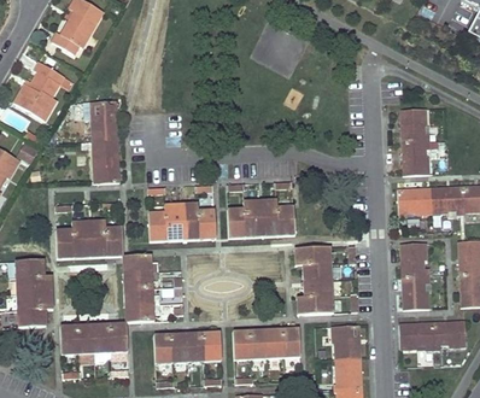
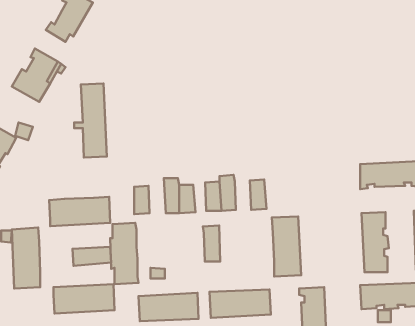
building: [400,107,431,174] -> none
building: [259,199,279,239] -> [203,225,220,261]
building: [165,204,185,242] -> none
building: none -> [72,247,111,266]

